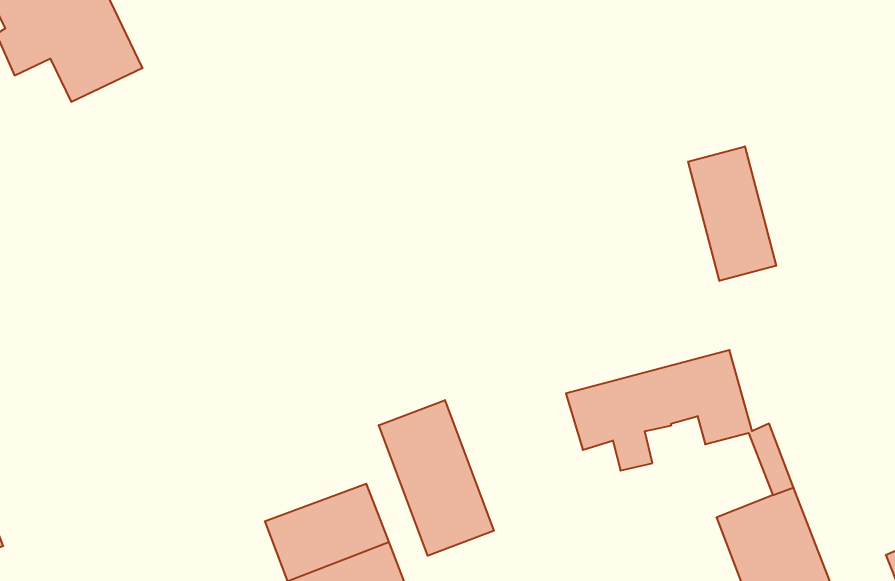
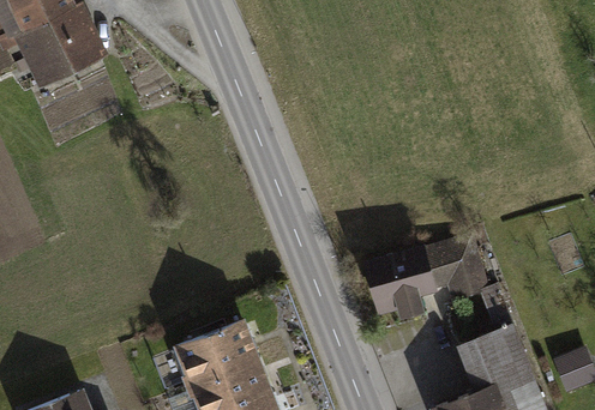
building: [688,146,776,281] -> none
building: [379,400,494,556] -> none

